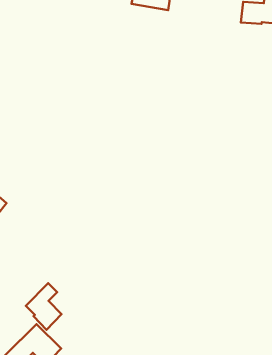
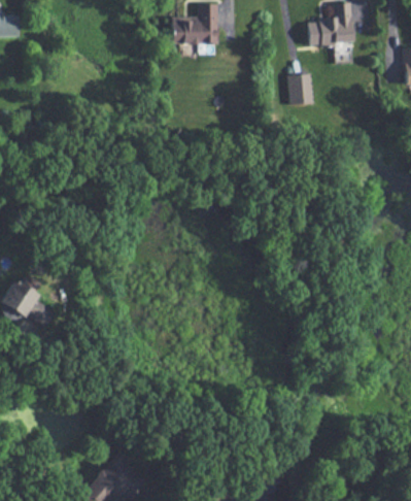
building: none -> [287,73,314,106]
building: [26,283,61,330] -> none

